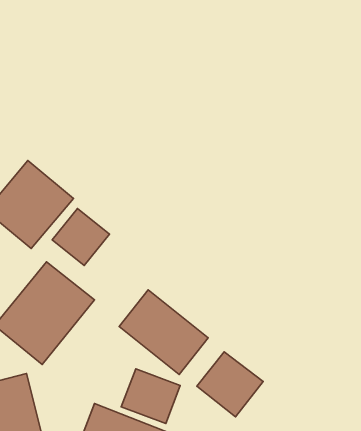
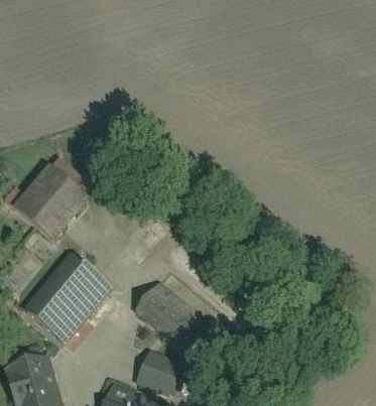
building: [52,209,110,265] -> none
building: [197,352,263,417] -> none

